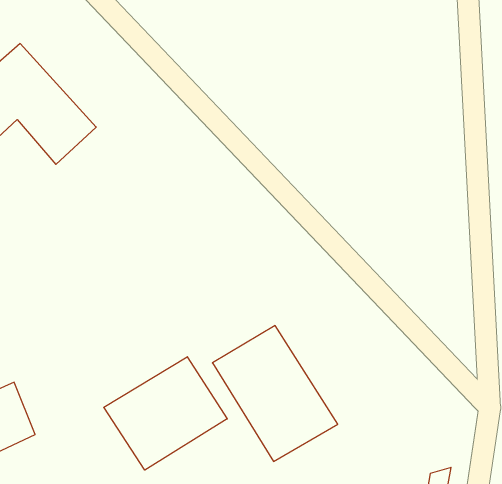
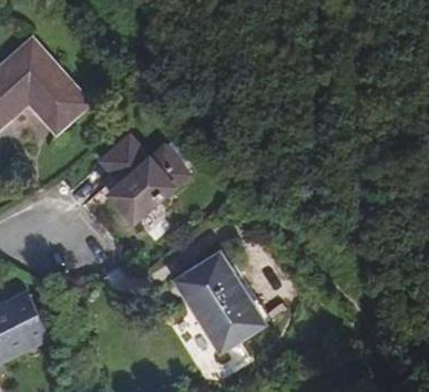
building: none -> [103,136,188,224]
building: [104,357,227,470] -> none

